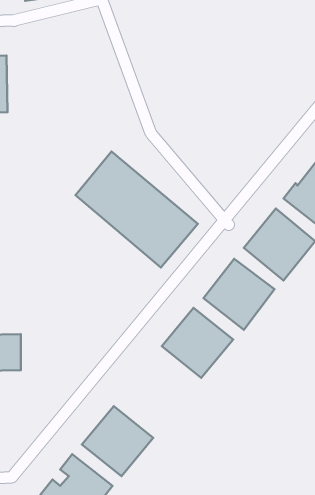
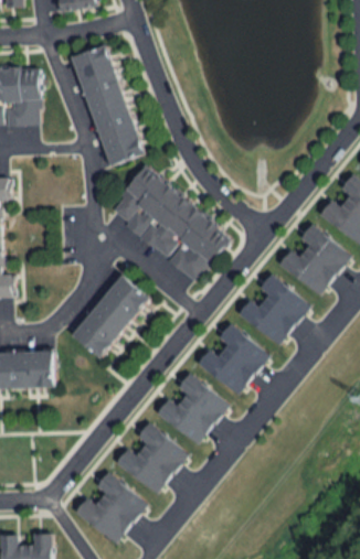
building: none -> [73,46,144,165]
building: none -> [72,275,149,356]
building: none -> [156,372,229,443]

